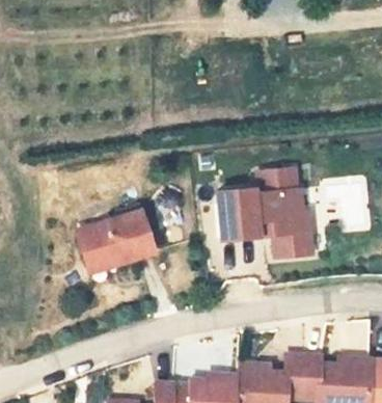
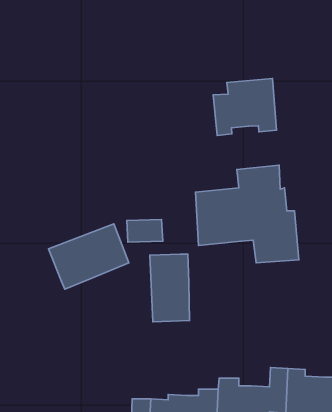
building: none -> [213,78,277,136]
building: none -> [150,254,190,322]

